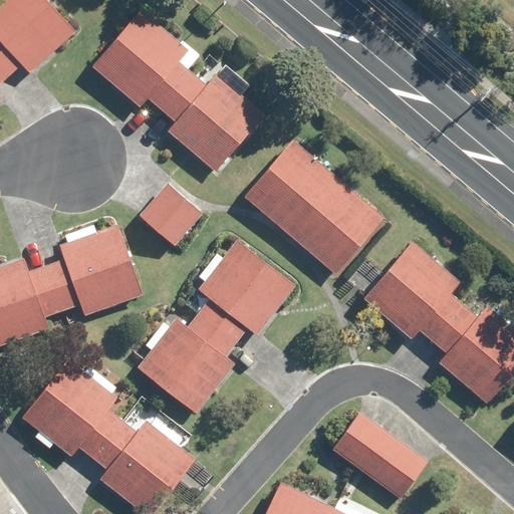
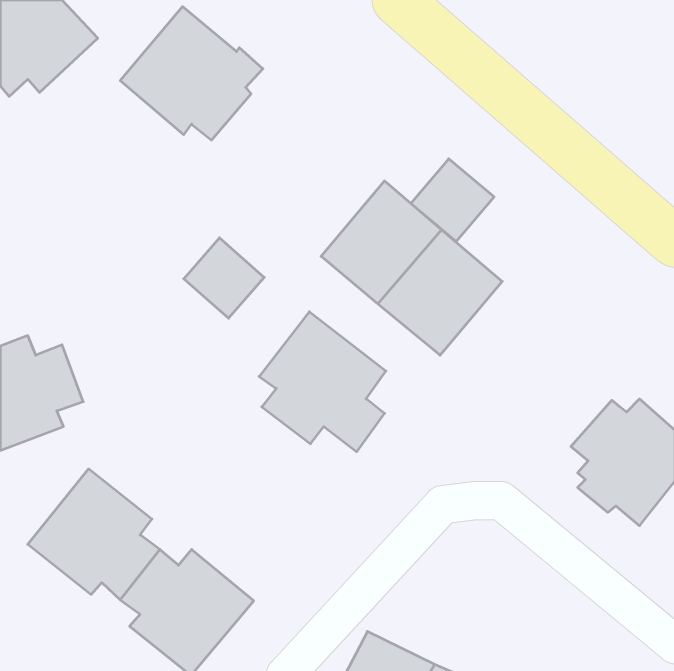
building: [162,74,263,171] -> none
building: none -> [411,159,494,242]
building: [48,225,143,315] -> none
building: [363,240,480,342] -> none
building: [139,312,237,413] -> none
building: [332,412,427,498] -> none

